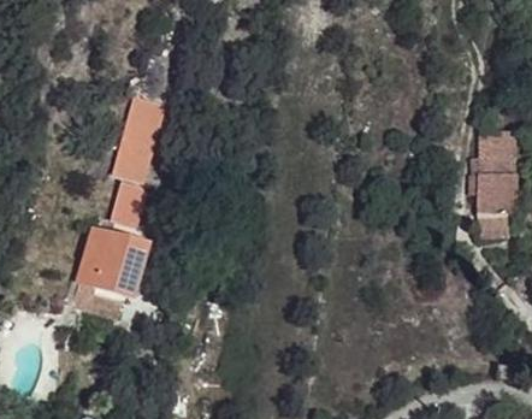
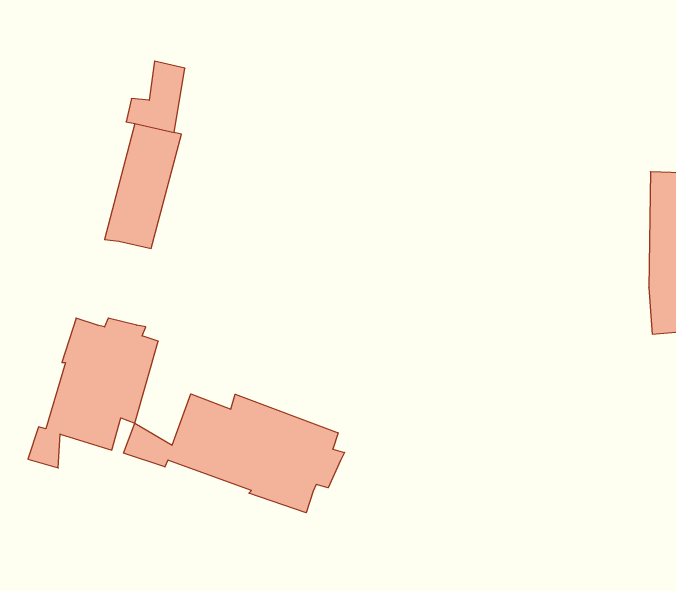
building: [107,177,143,235] -> none
building: none -> [124,394,345,513]

